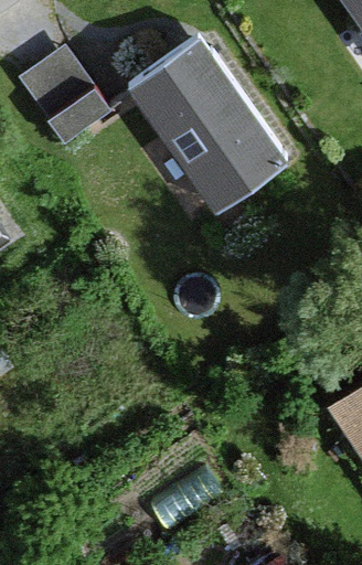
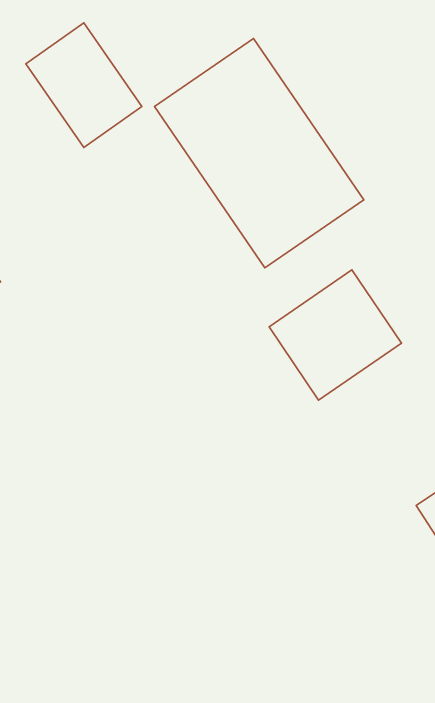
building: none -> [269,270,401,400]

